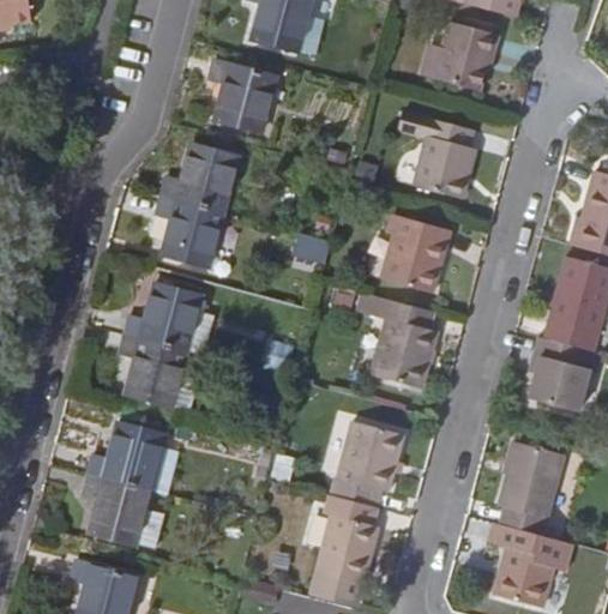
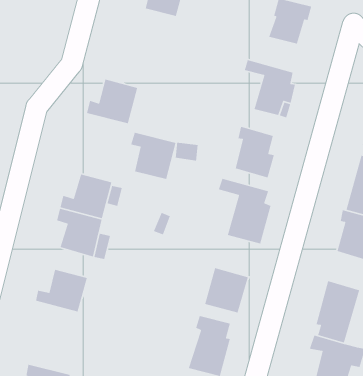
building: [207,61,273,132] -> none
building: [157,194,225,265] -> [130,132,176,180]
building: [83,471,151,546] -> none

